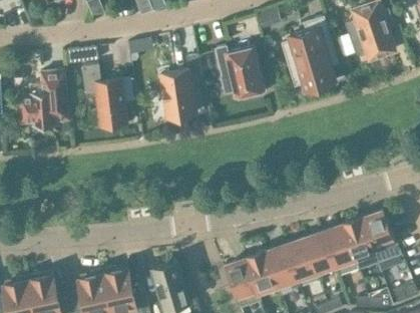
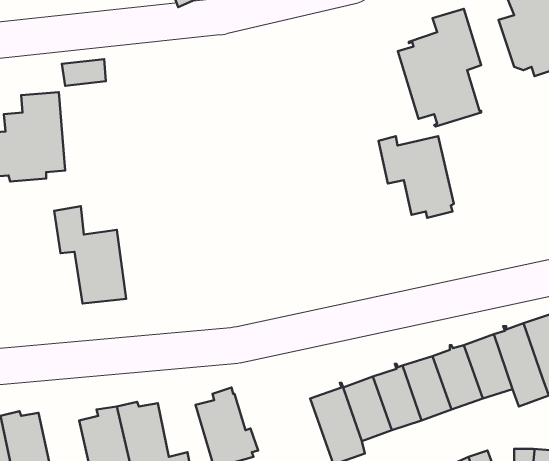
building: [216,47,264,99] -> [379,136,454,218]
building: [161,55,203,119] -> none
building: [82,64,128,126] -> [54,206,126,304]

